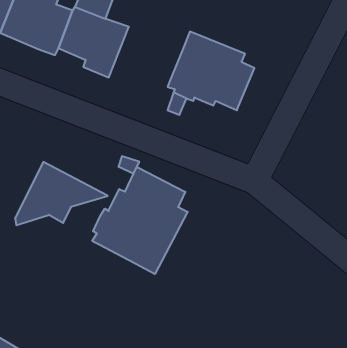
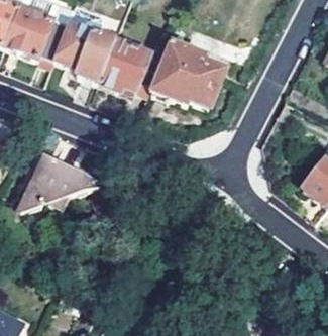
building: none -> [99,40,162,92]
building: [92,167,188,274] -> none

